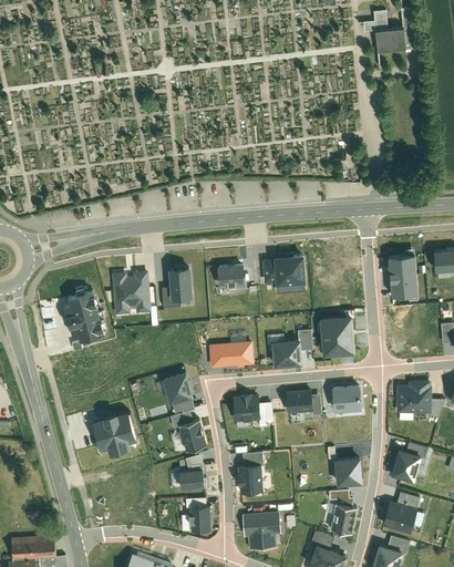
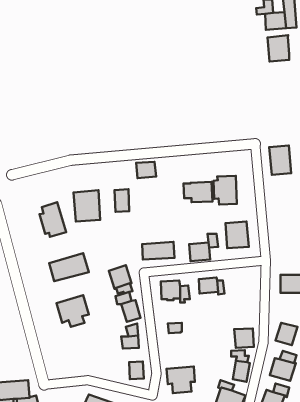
building: none -> [268,35,289,62]
building: none -> [213,176,237,204]
building: [388,256,417,296] -> [269,146,291,175]
building: [215,266,243,288] -> [136,162,156,178]
building: none -> [49,253,89,281]
building: [332,385,359,411] -> none
building: [237,466,260,494] -> none

